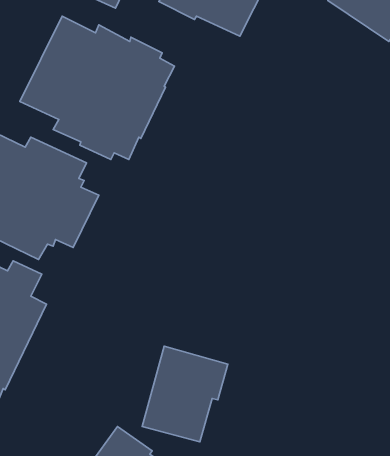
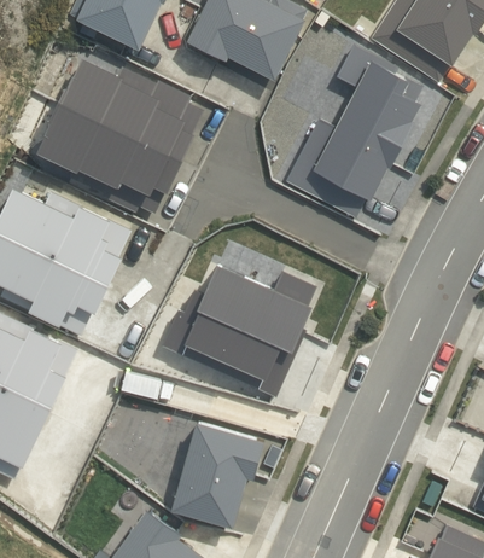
building: none -> [286,46,425,220]
building: none -> [158,261,314,391]

